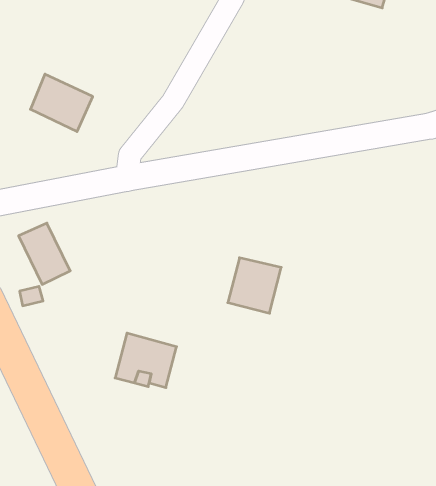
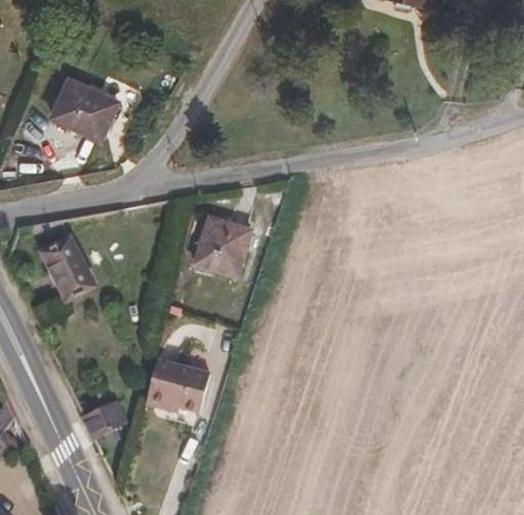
building: [228,258,281,313] -> [194,217,251,275]
building: none -> [85,402,128,442]

